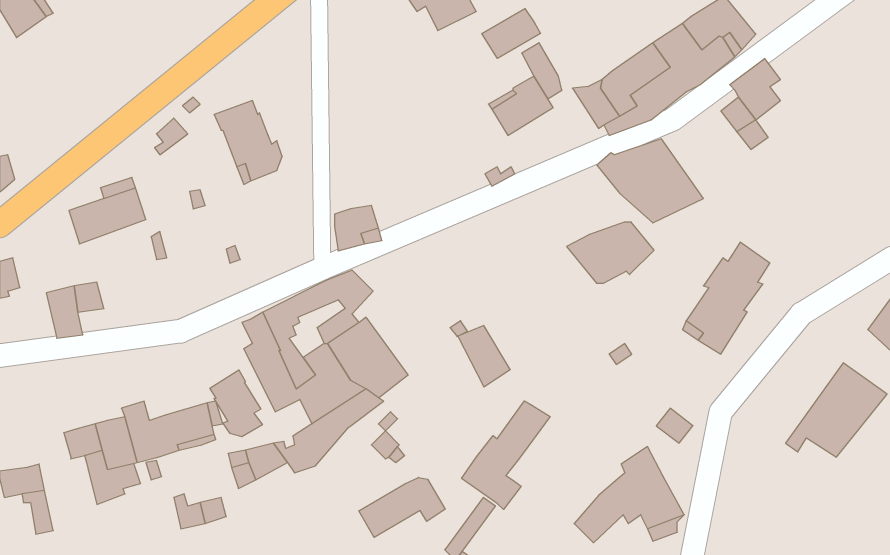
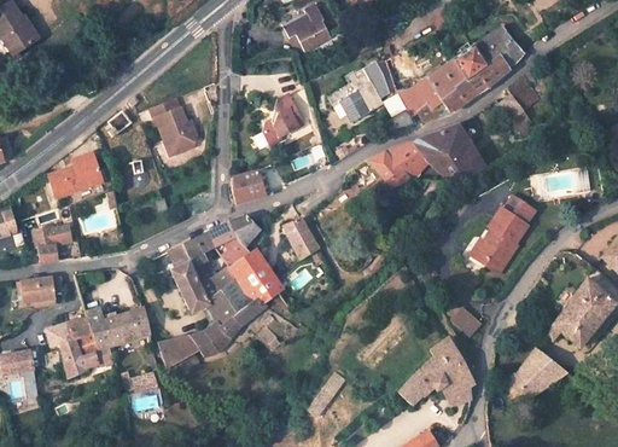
building: [482,9,541,58] -> none
building: none -> [263,94,303,144]
building: [567,222,654,283] -> [369,143,430,185]
building: [458,326,510,387] -> [282,216,319,259]
building: none -> [21,275,63,304]
building: [210,370,262,437] -> none
building: [462,401,550,509] -> none
building: none -> [502,347,567,400]
building: [359,477,445,537] -> none

